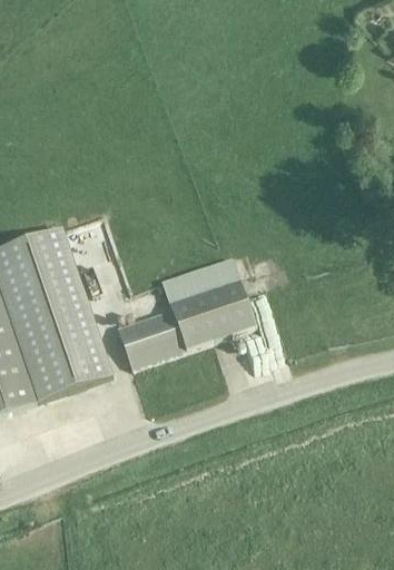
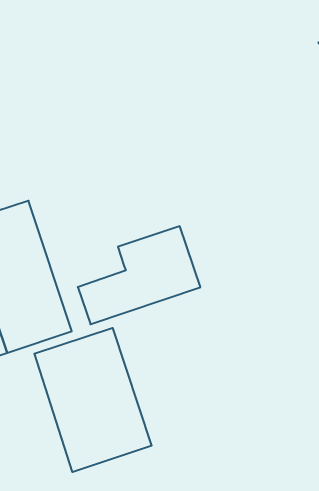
building: none -> [34,328,152,472]

